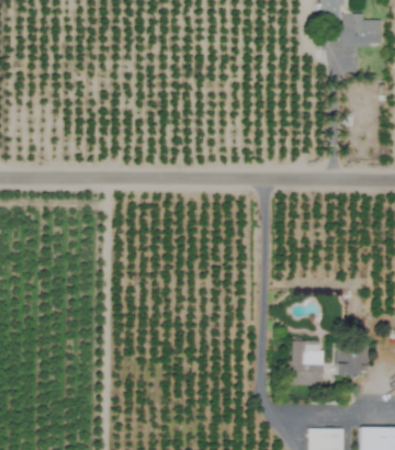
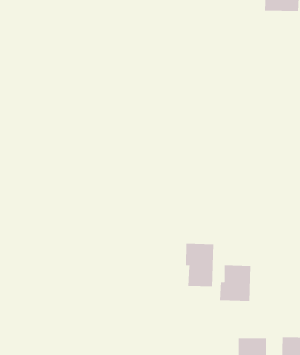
building: none -> [186,243,214,287]
building: [337,344,370,375] -> none

